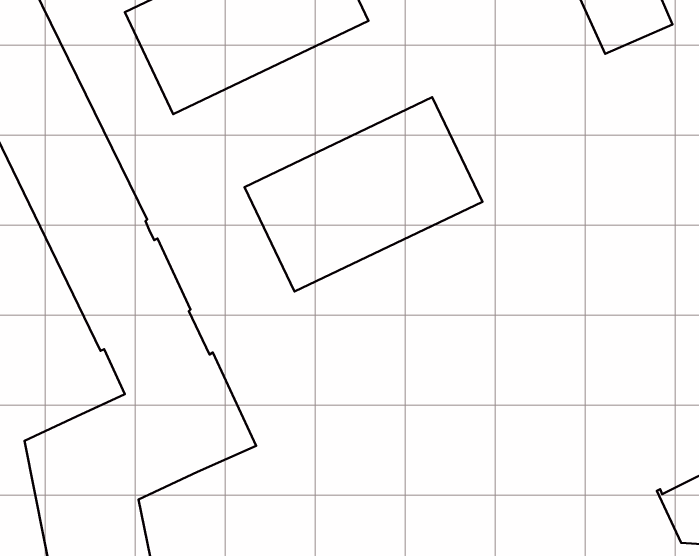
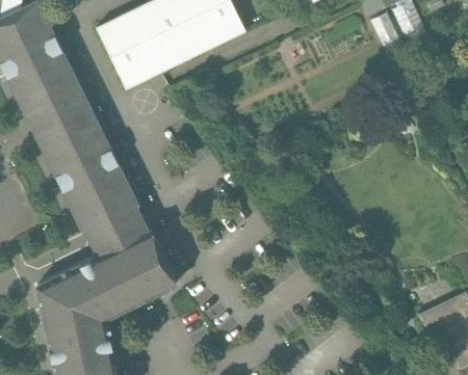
building: [244,97,482,292] -> none

